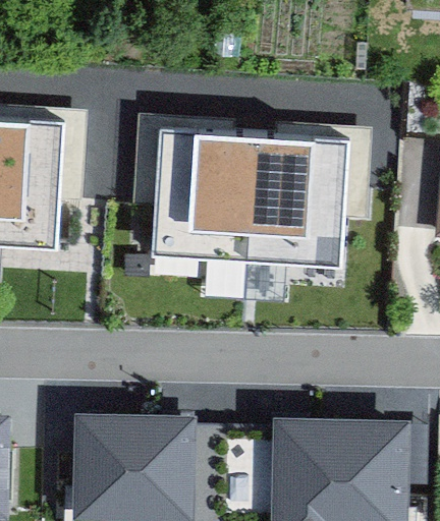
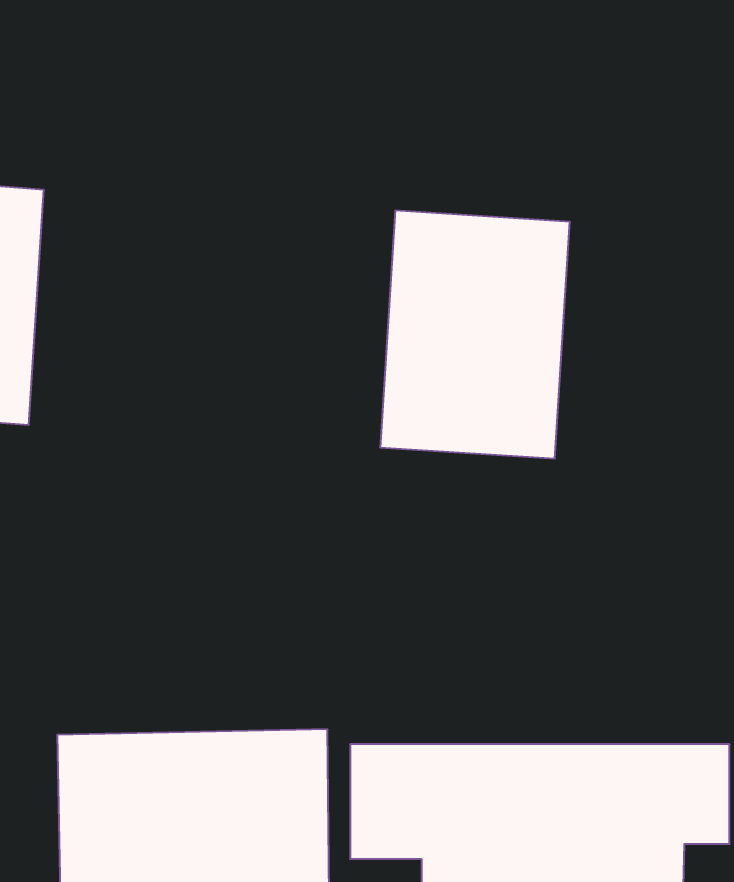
building: [149,127,254,260] -> none

